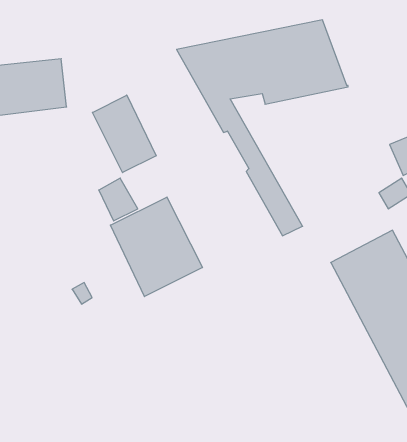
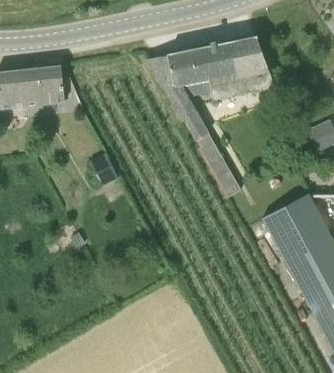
building: [92,95,156,173] -> none
building: [110,197,202,297] -> none

